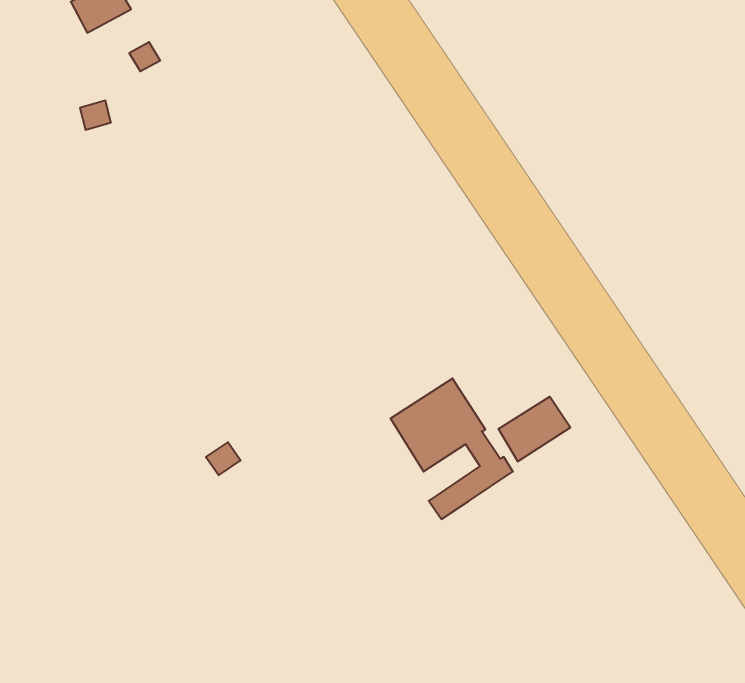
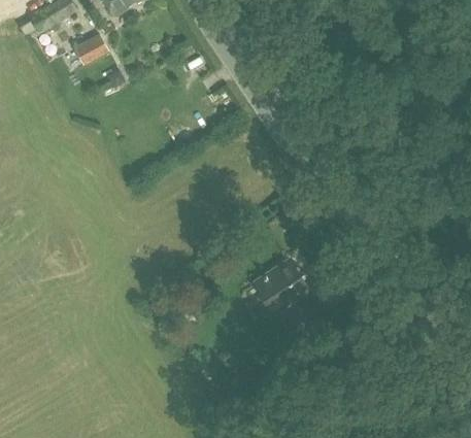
building: [498,397,570,462] -> none

